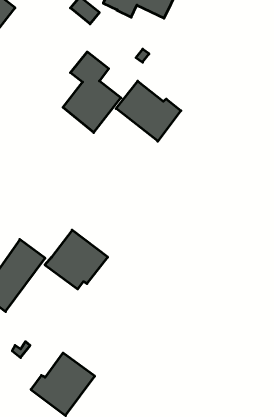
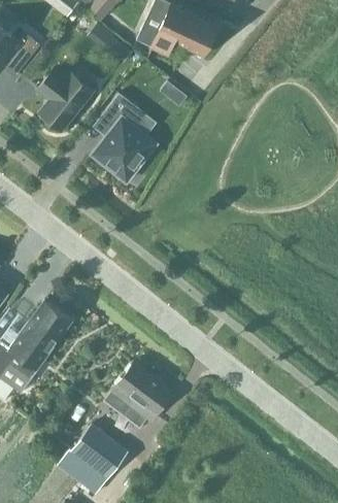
building: none -> [36,68,94,130]
building: [116,81,181,141] -> none
building: [45,230,108,289] -> [103,361,172,426]

